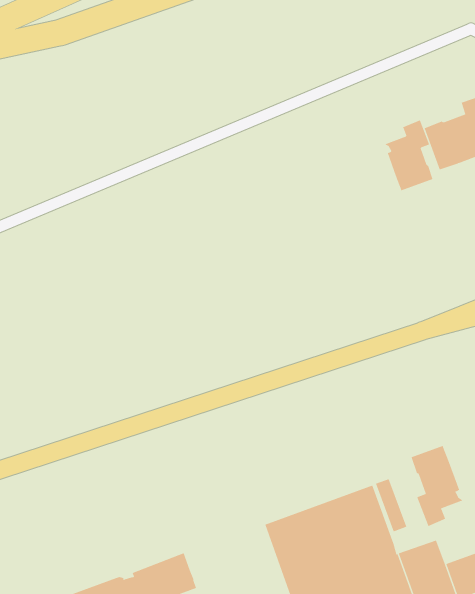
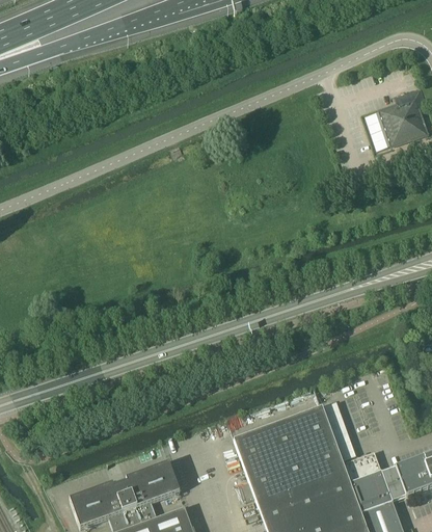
building: [384,120,433,191] -> none
building: [411,445,464,527] -> none

